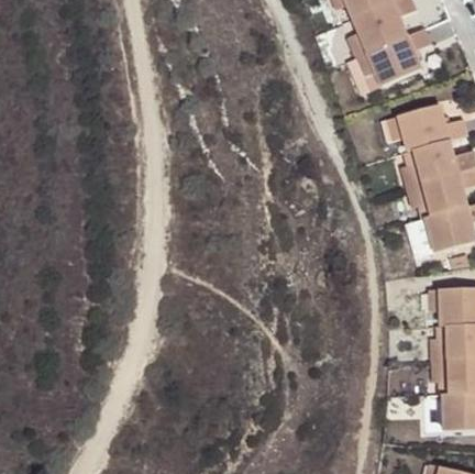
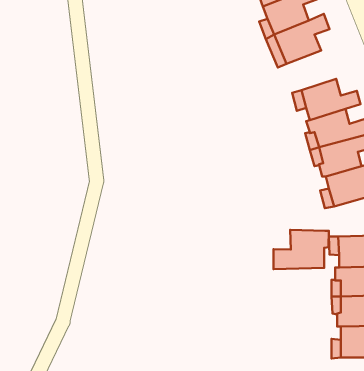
building: none -> [273,230,329,269]

